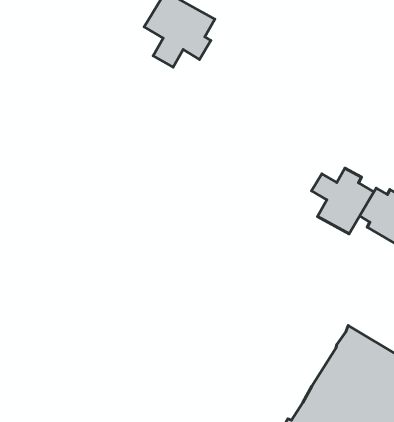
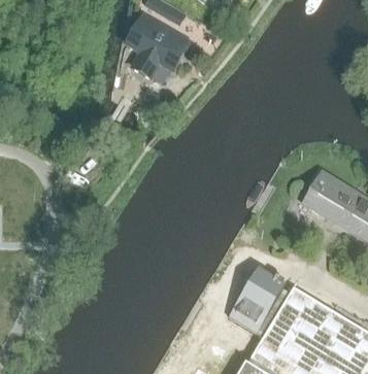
building: [312,168,374,234] -> none
building: none -> [228,267,291,337]

